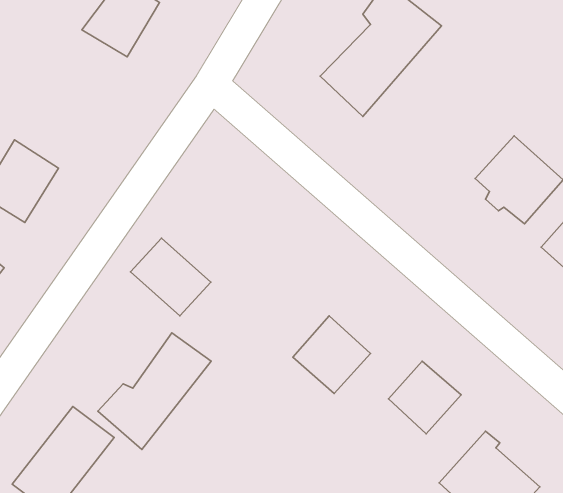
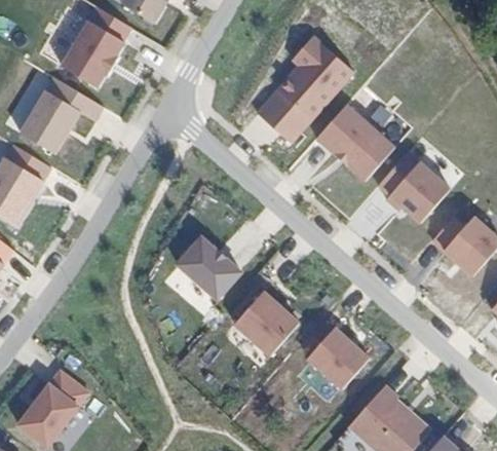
building: none -> [20,73,104,153]
building: none -> [315,103,395,182]
building: [131,238,211,316] -> [176,238,239,300]
building: [98,333,211,450] -> none

